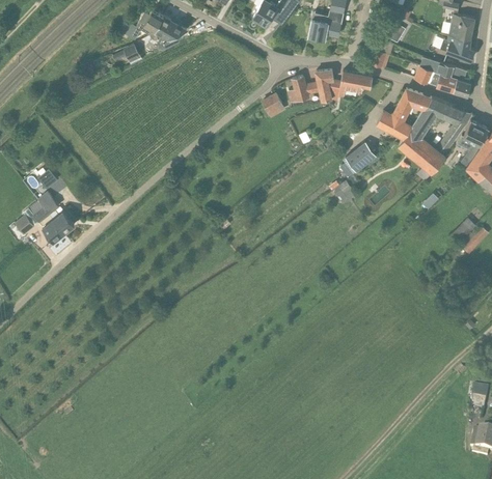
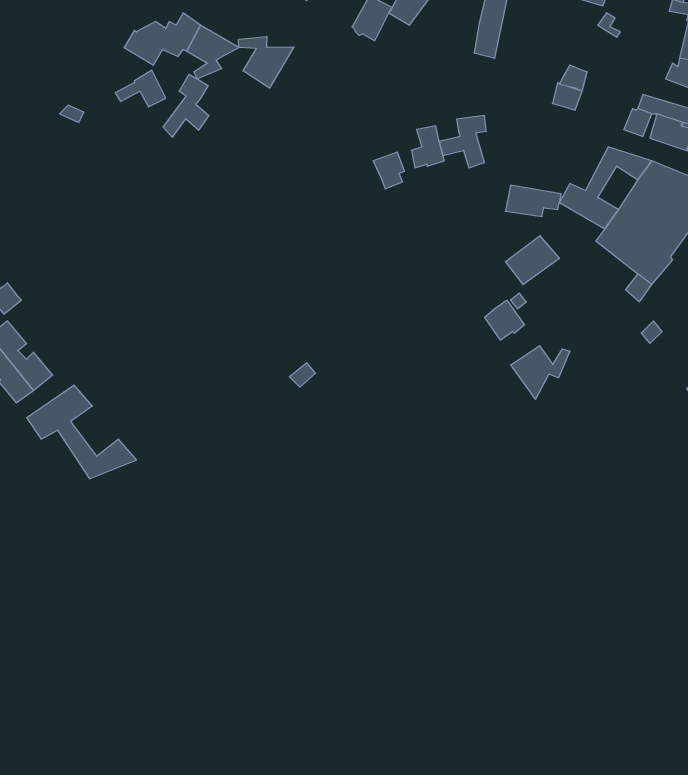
building: [308,12,329,40] -> none
building: none -> [239,36,294,88]
building: none -> [163,74,209,137]
building: [339,72,373,90] -> [505,185,561,217]
building: none -> [511,346,570,399]
building: none -> [27,385,136,479]

